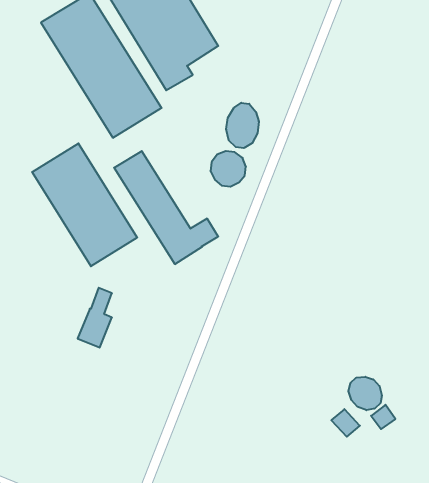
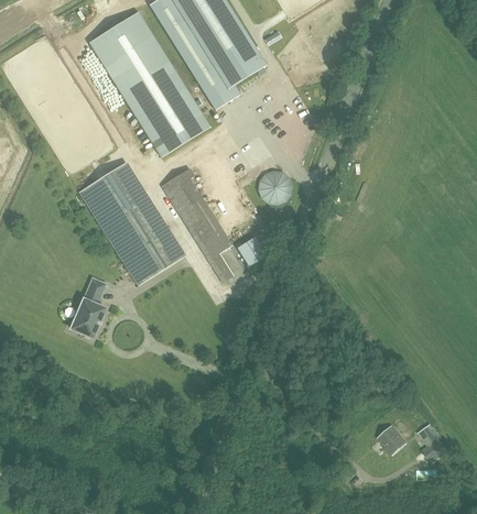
building: [226,103,259,148] -> none
building: [78,288,112,348] -> [71,277,105,337]
building: [348,377,382,410] -> none

